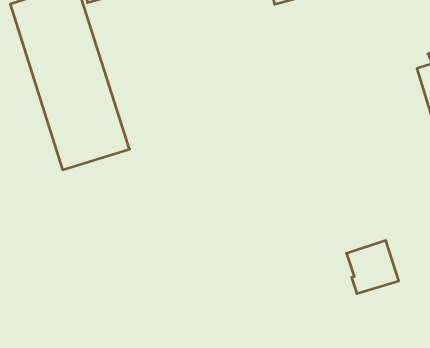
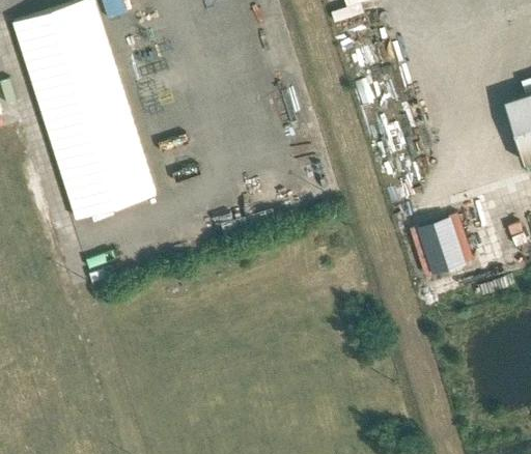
building: [346,241,399,294] -> [411,214,474,278]

